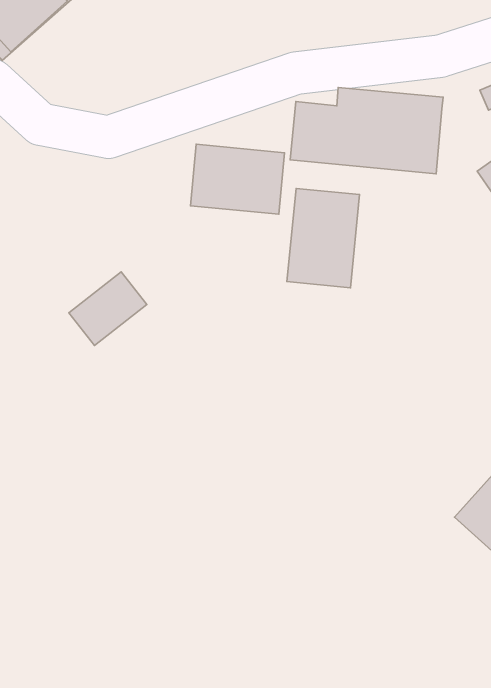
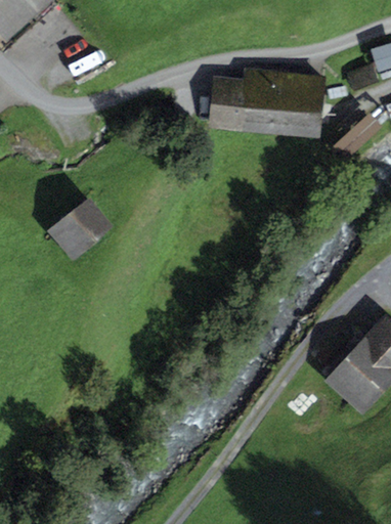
building: [190,144,285,214] -> none
building: [287,189,359,288] -> none

